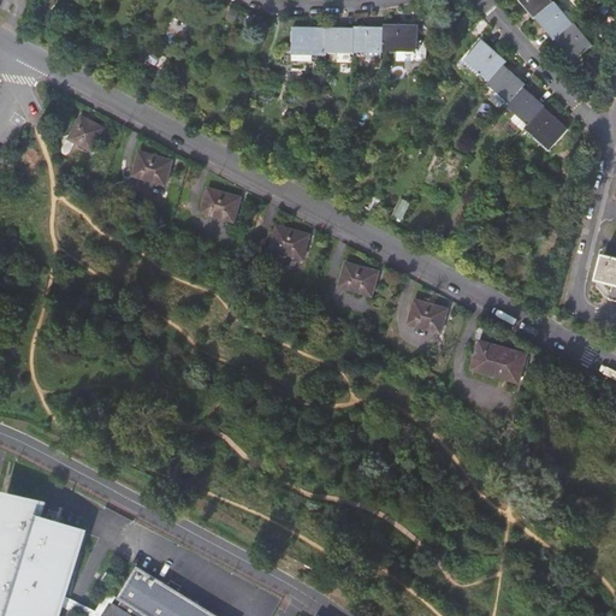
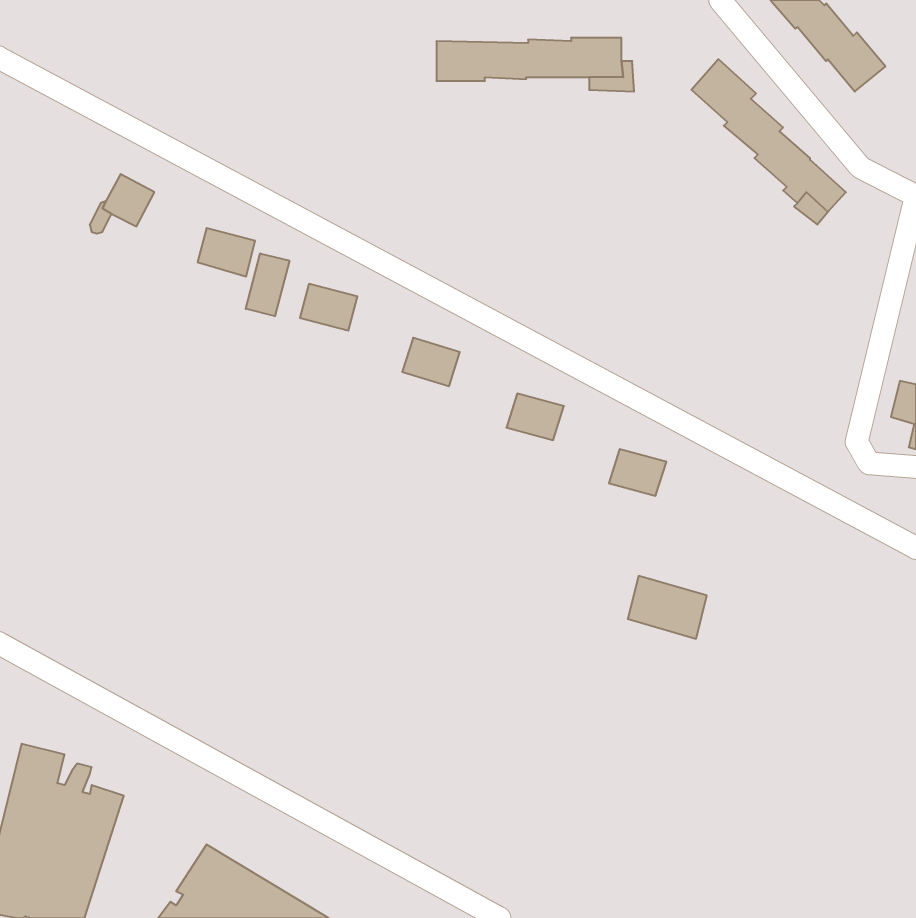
building: none -> [246,253,289,316]
building: [470,340,523,383] -> [628,576,707,639]

